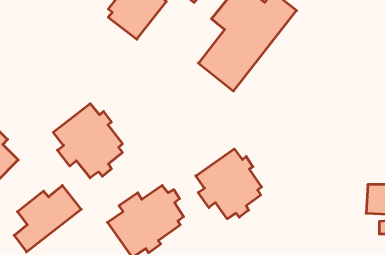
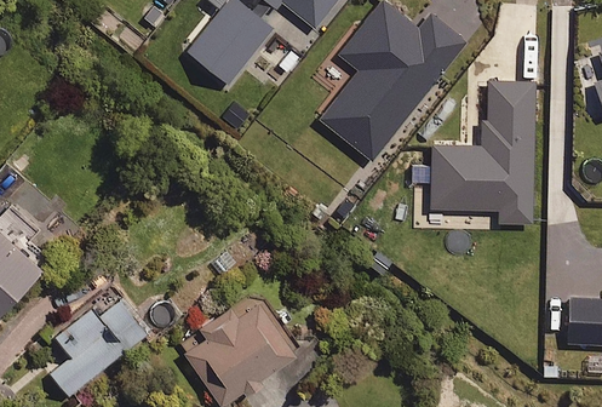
building: none -> [431,80,535,224]
building: [53,104,122,178] -> none
building: [196,149,262,219] -> none

